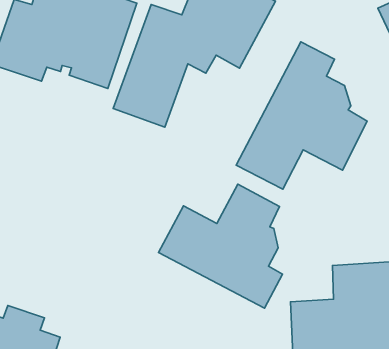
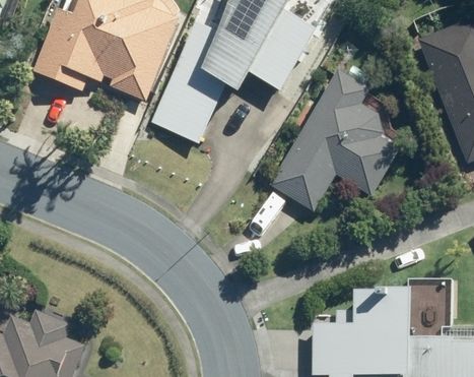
building: [158,184,283,308] -> none

